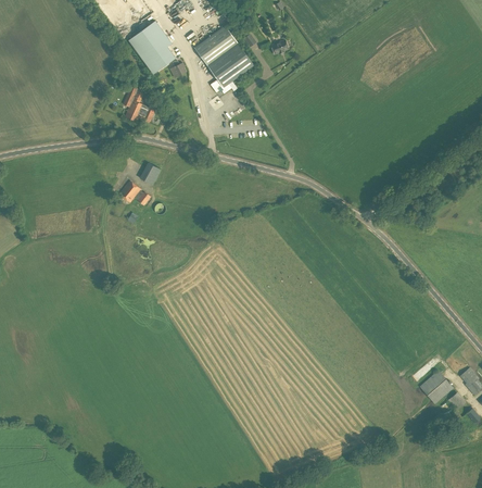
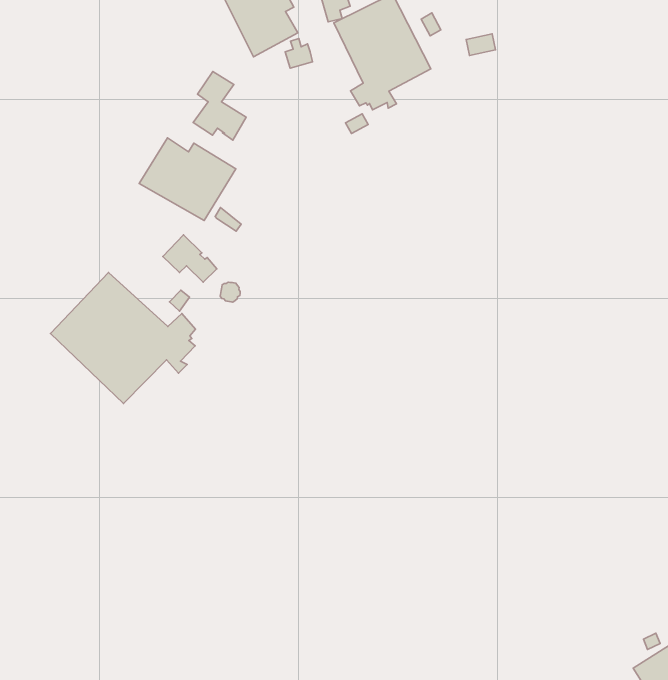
building: none -> [139,138,236,221]
building: none -> [51,272,196,403]

